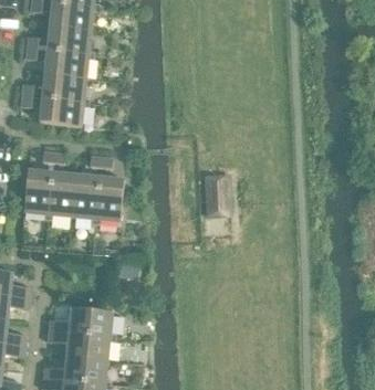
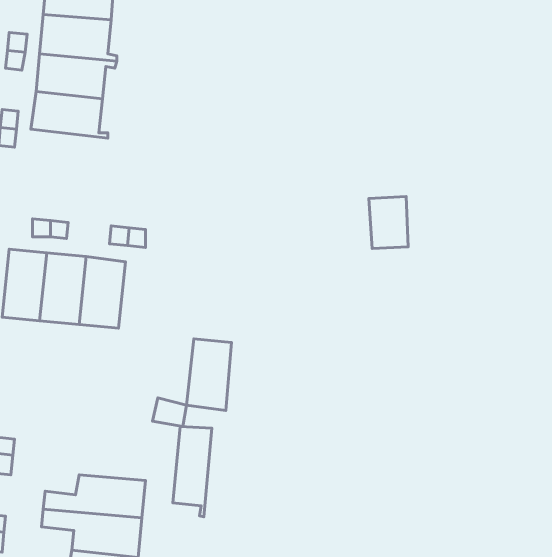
building: [39,95,88,125] -> none
building: [205,173,229,205] -> [369,197,408,249]
building: [95,177,123,221] -> [187,339,231,410]
building: none -> [173,426,212,517]

